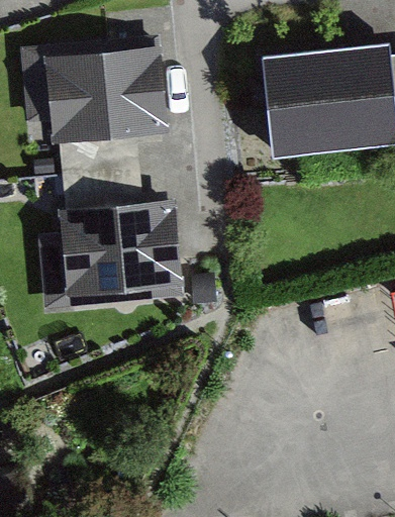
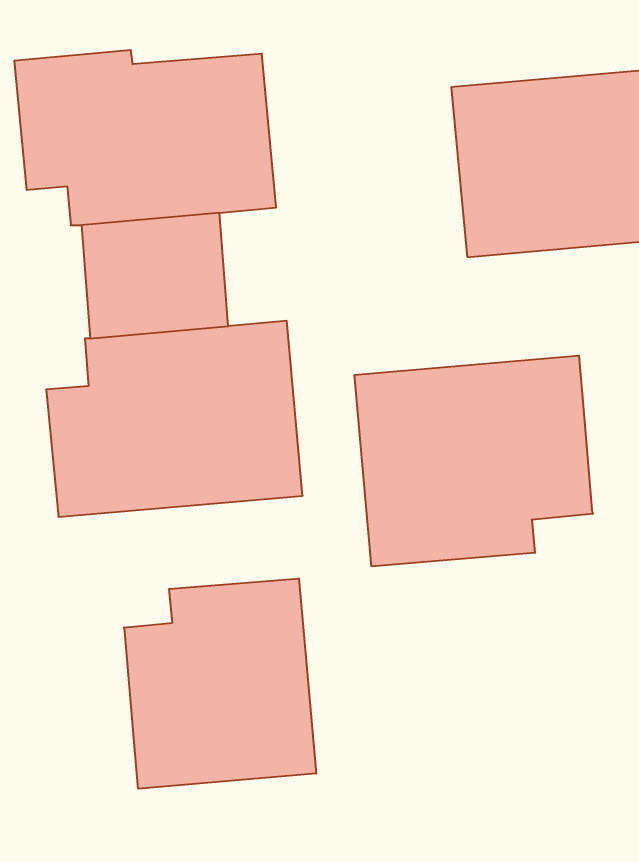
building: none -> [355,356,593,566]
building: none -> [124,578,316,789]

